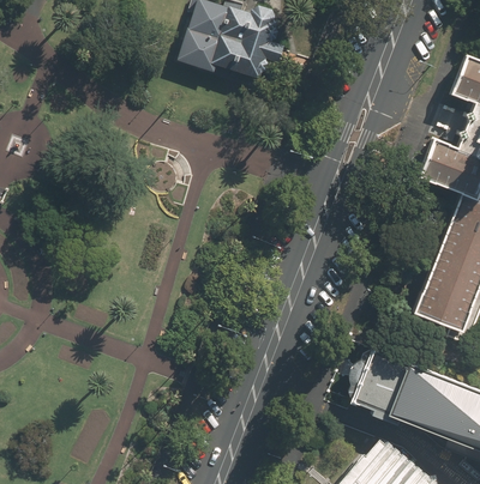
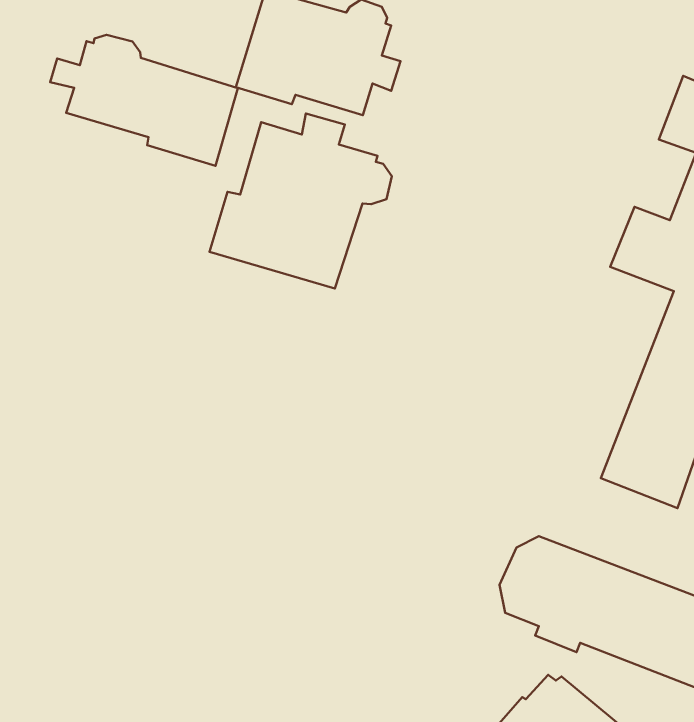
building: none -> [50,35,238,166]
building: none -> [209,113,392,289]

